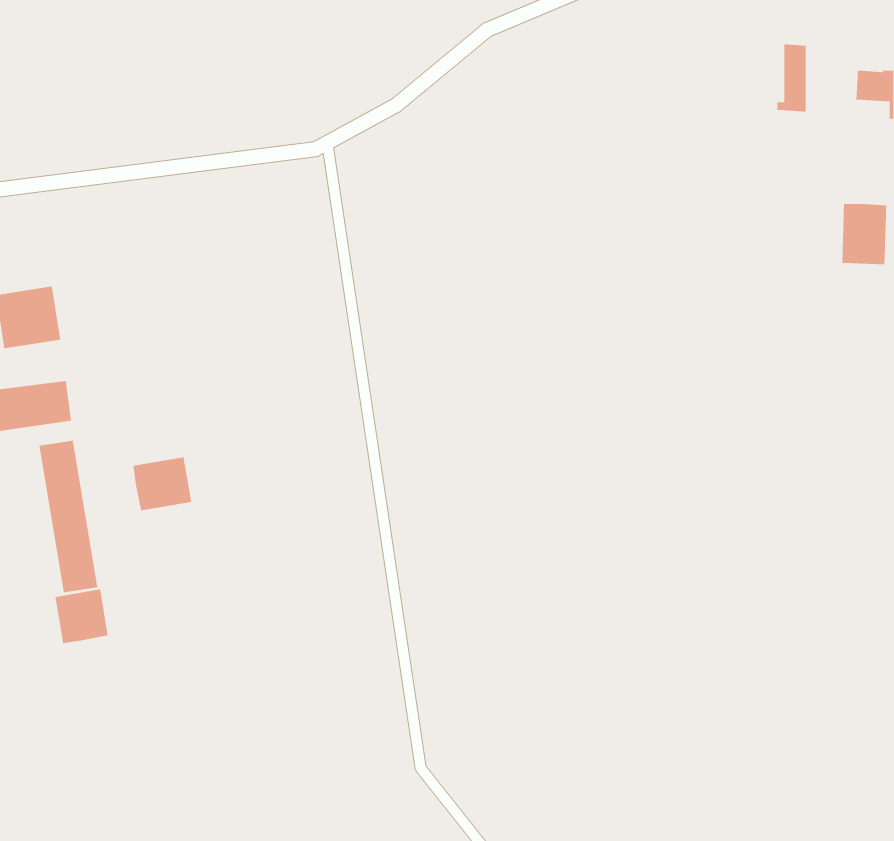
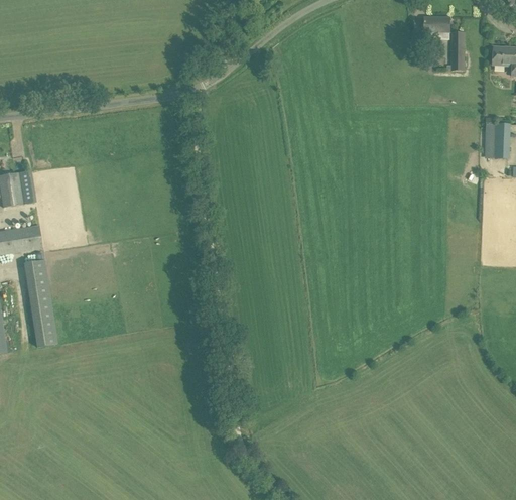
building: none -> [423,17,448,31]
building: [133,457,192,511] -> none
building: [55,588,108,644] -> none

